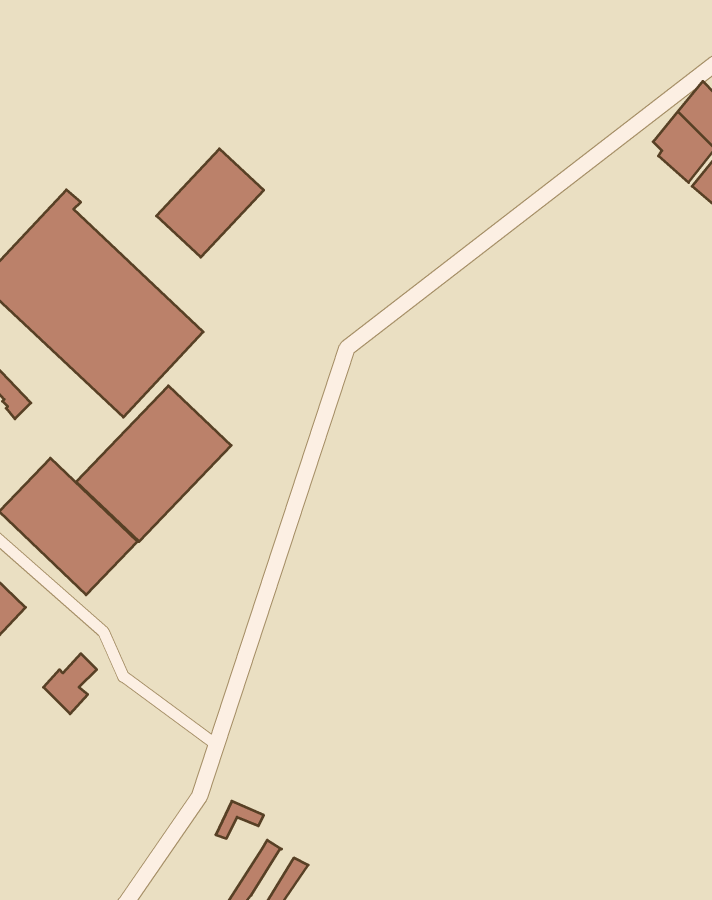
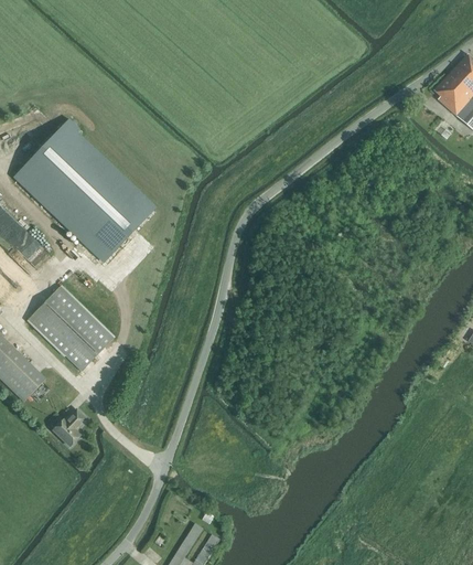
building: [156,149,264,257] -> none
building: [76,386,231,542] -> none

